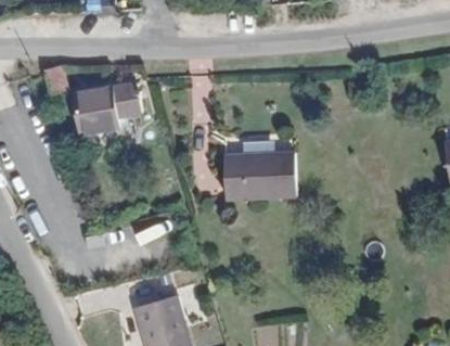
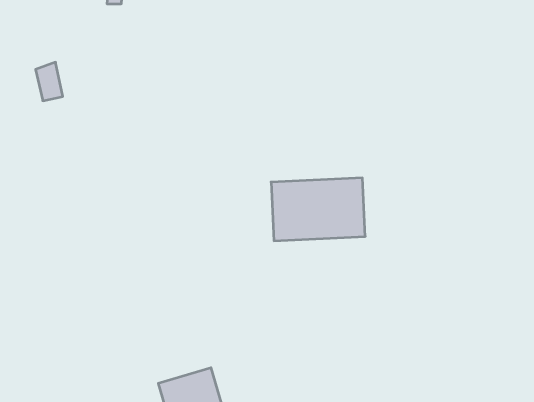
building: [75,84,142,134] -> none

